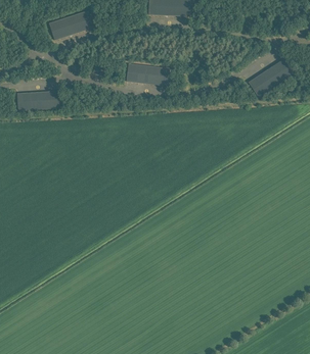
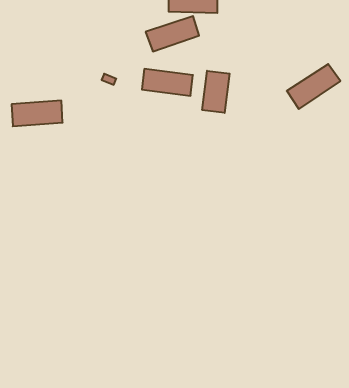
building: [48,10,93,40] -> [146,16,199,51]
building: none -> [202,71,230,113]

